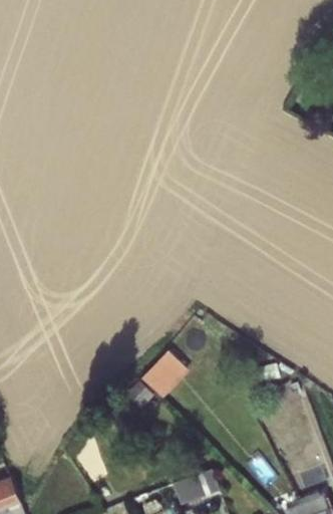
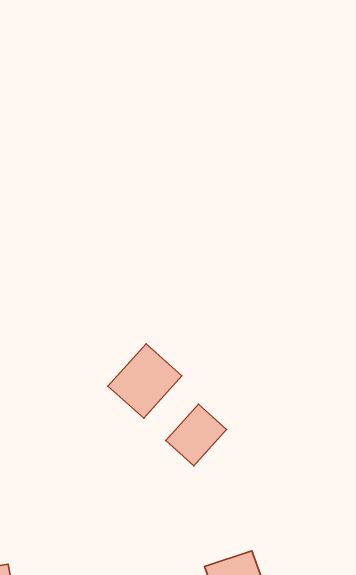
building: none -> [108,344,182,418]

